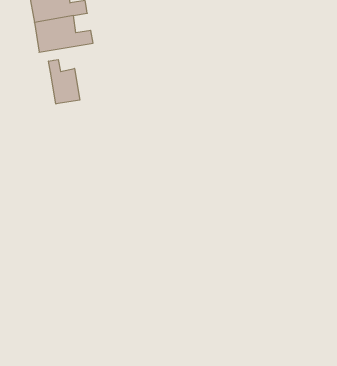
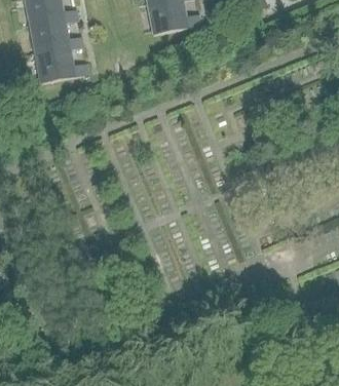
building: [49,60,80,104] -> none

